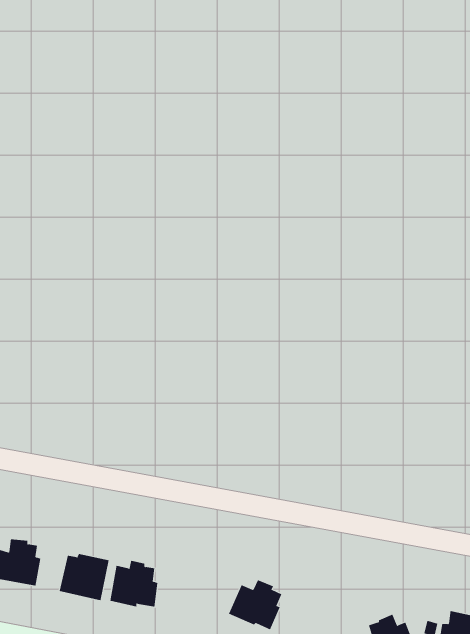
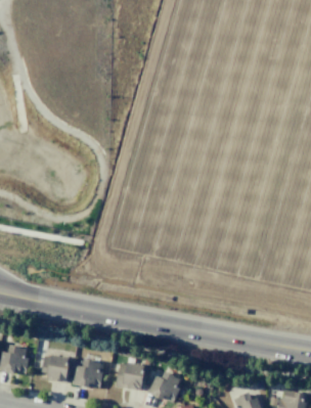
building: none -> [116,362,146,391]

